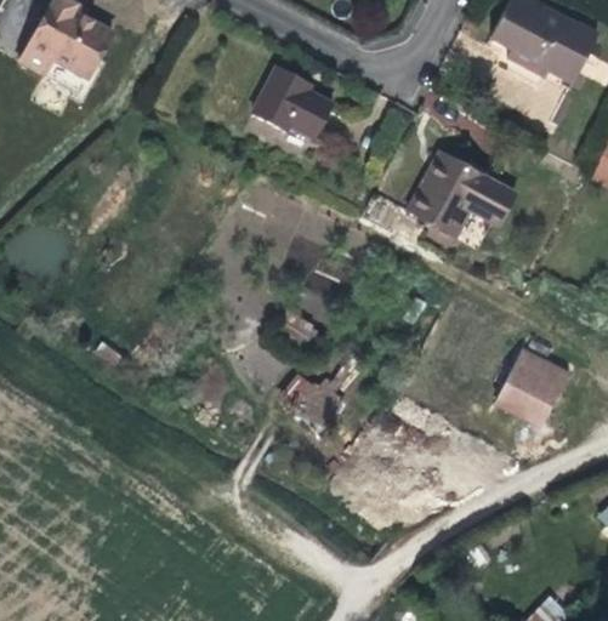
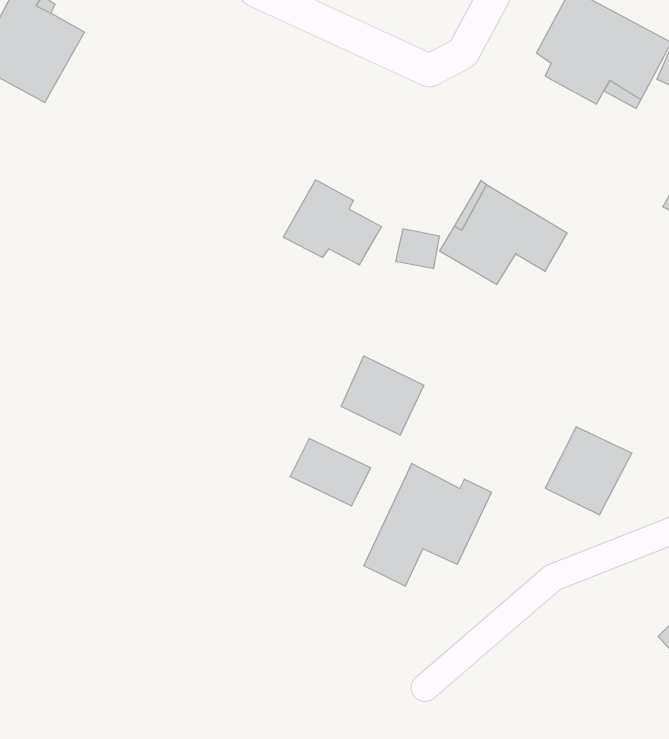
building: [254,63,335,133] -> [283,180,382,265]
building: none -> [341,356,424,435]
building: none -> [364,463,492,586]

